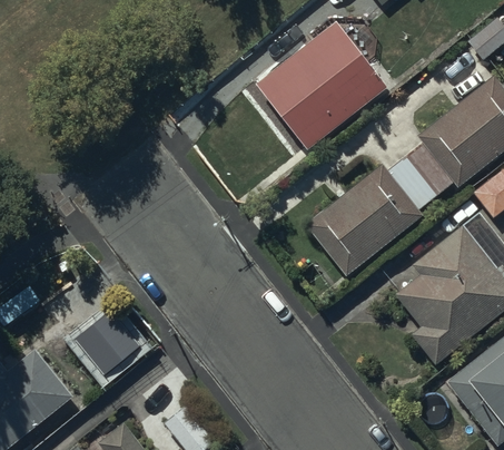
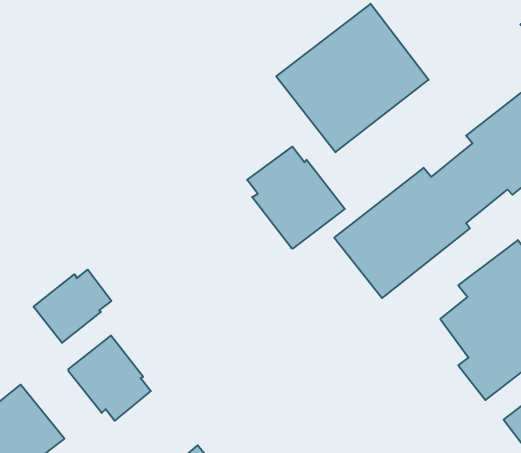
building: none -> [247,147,345,249]
building: none -> [34,270,111,343]

